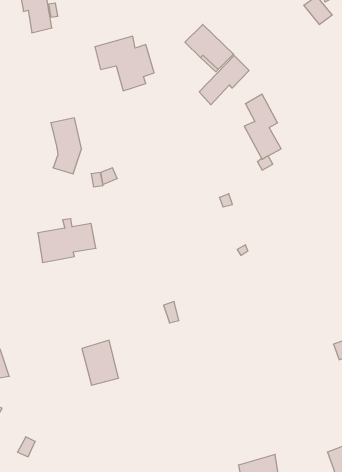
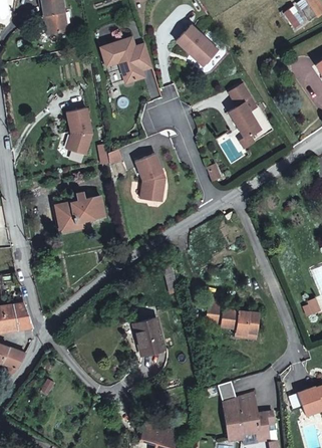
building: [199,55,249,105] -> none
building: none -> [135,155,163,201]
building: [82,340,119,385] -> [133,317,165,356]
building: none -> [207,298,259,333]

